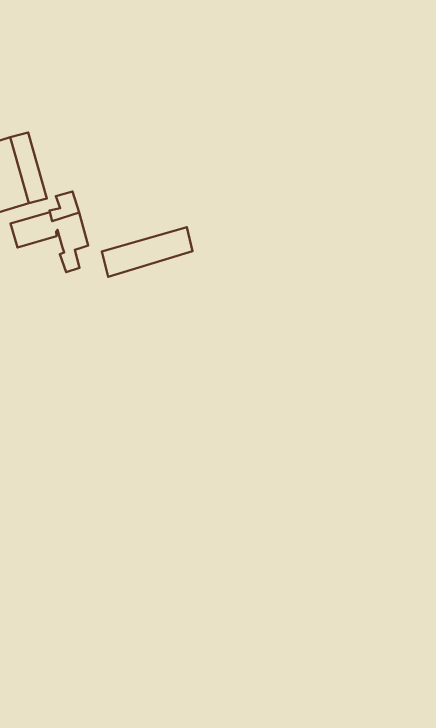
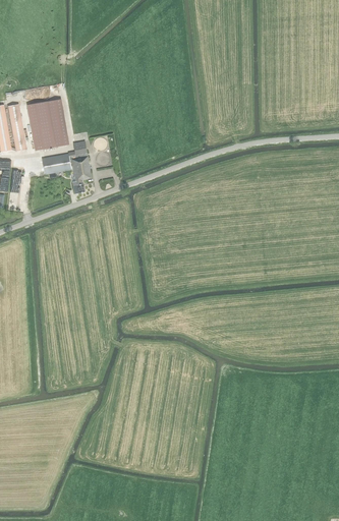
building: [102,227,193,277] -> none

